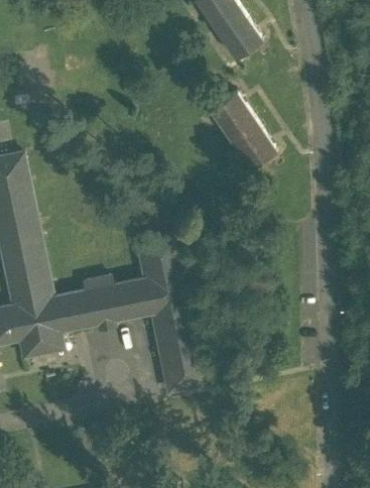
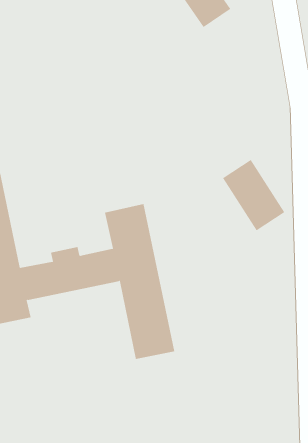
building: [208,89,271,161] -> [222,159,285,231]

